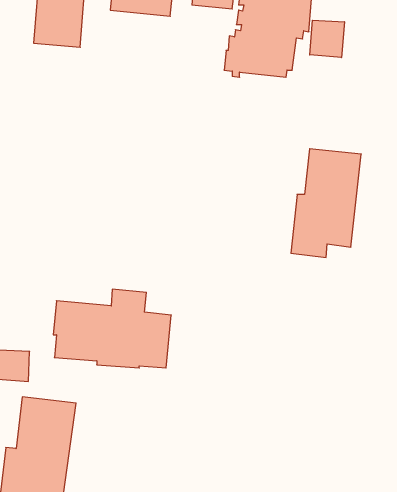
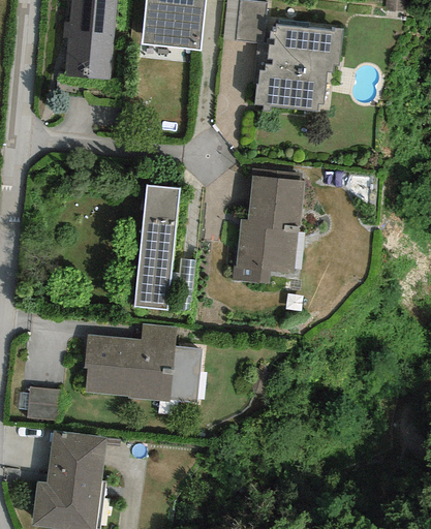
building: [310,20,344,58] -> none
building: [291,149,361,257] -> [234,175,304,283]
building: none -> [133,185,180,311]

